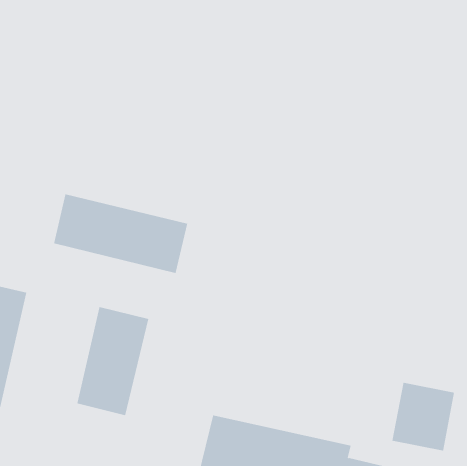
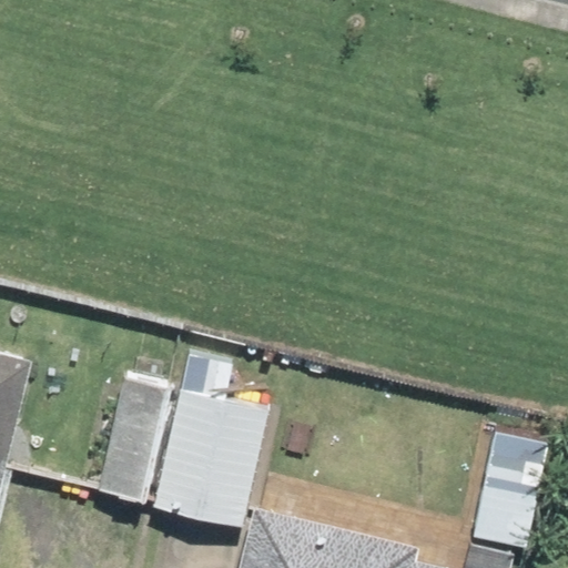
building: [54,194,188,274] -> none
building: none -> [150,392,268,528]

